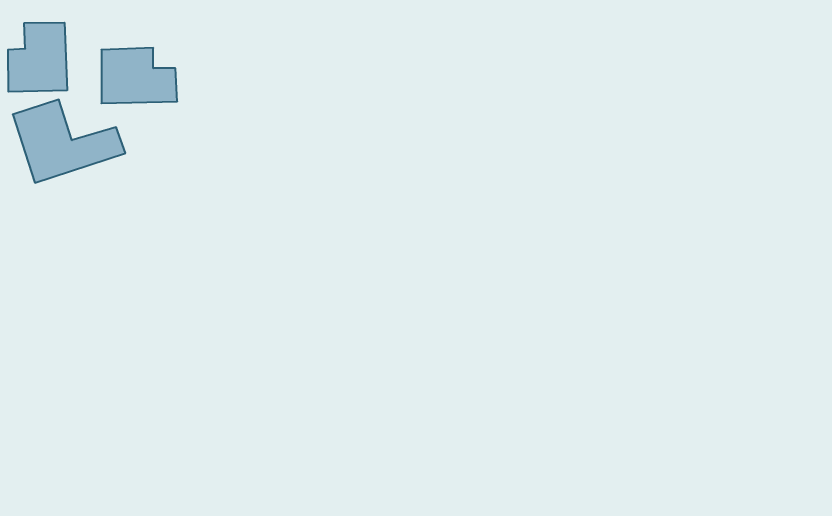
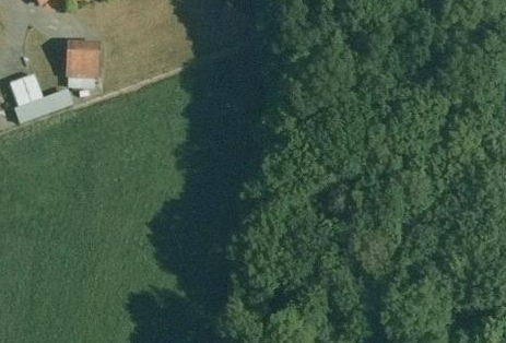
building: [8,23,67,92] -> none

